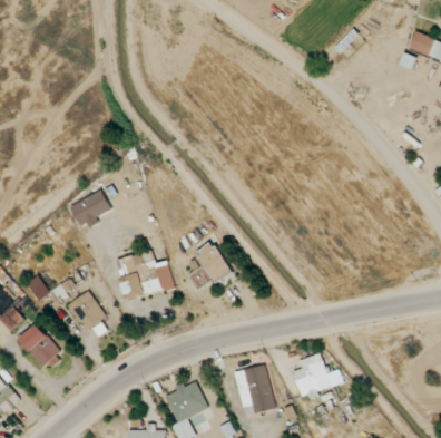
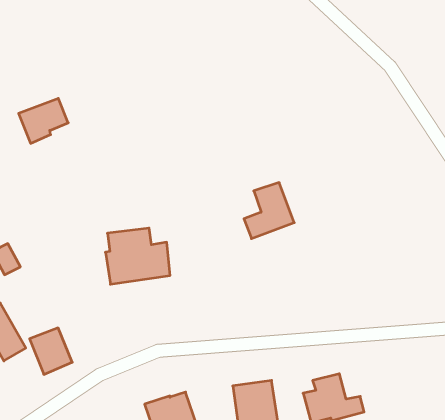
building: [70,191,111,230] -> [19,98,68,143]
building: [189,242,231,290] -> [244,183,294,239]
building: [68,292,105,331] -> [30,328,72,374]

